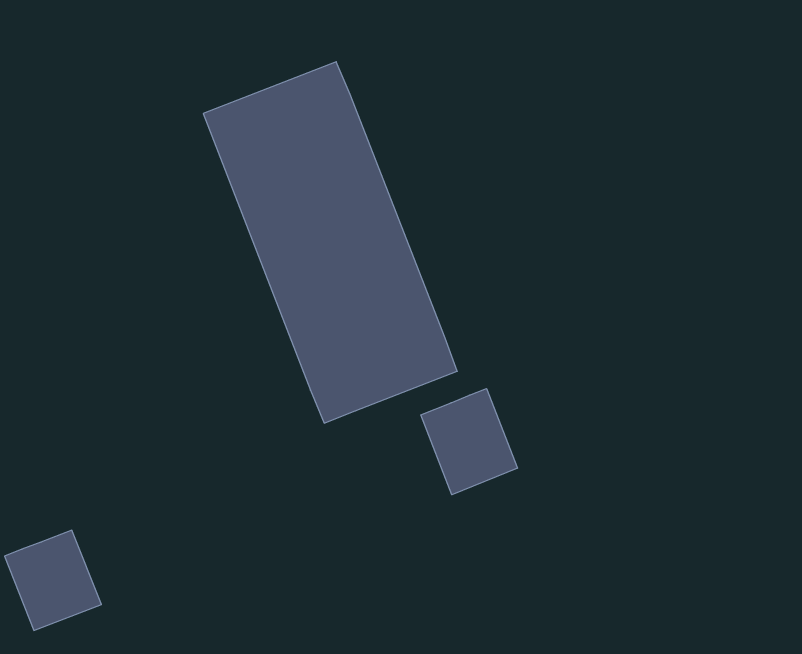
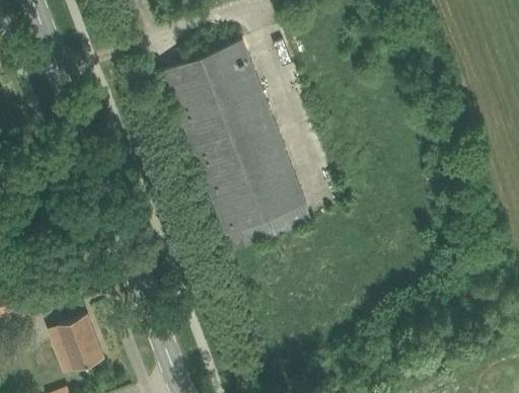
building: [421,389,517,495] -> none

